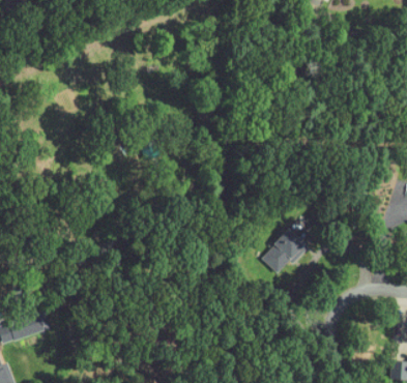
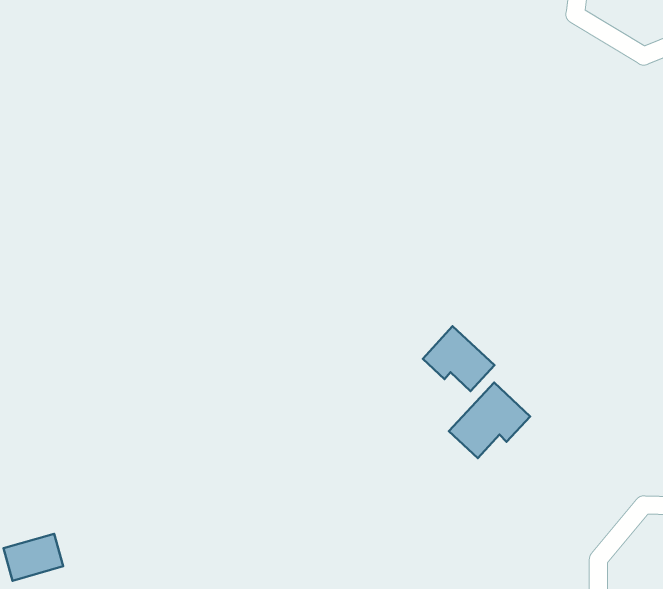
building: none -> [423,326,494,391]

